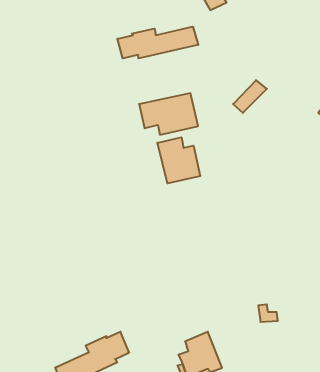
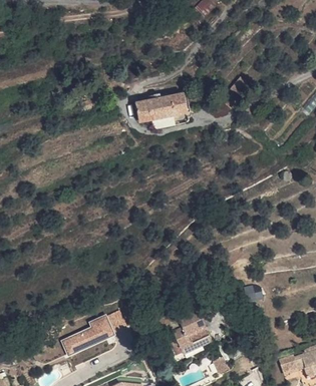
building: [117,27,198,58] -> none
building: [157,137,200,183] -> none

